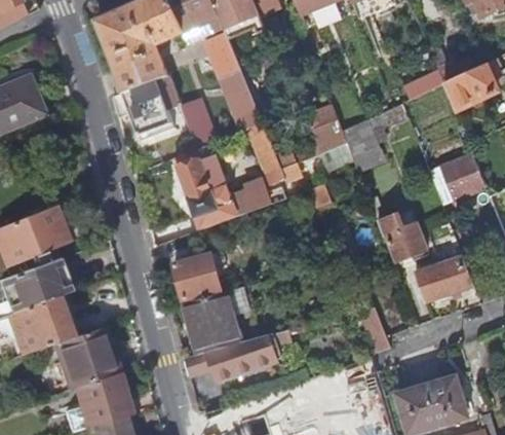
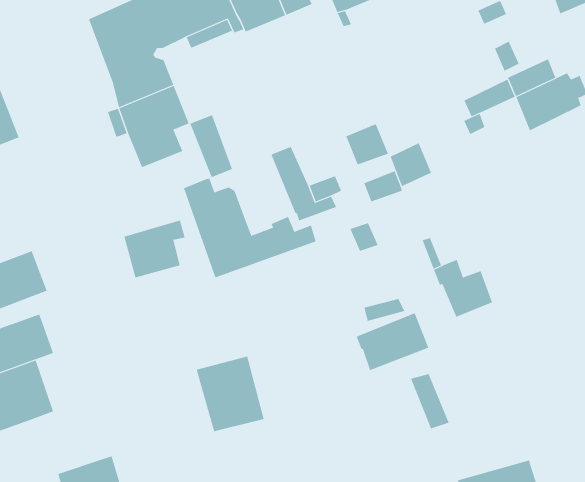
building: [206,34,263,131] -> none
building: [440,152,485,200] -> none
building: [176,251,226,298] -> [123,220,186,278]
building: [415,256,474,303] -> [356,312,429,371]
building: [54,328,114,389] -> none
building: [186,332,284,384] -> none

